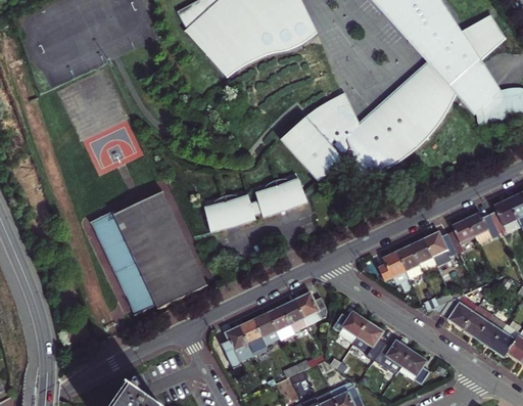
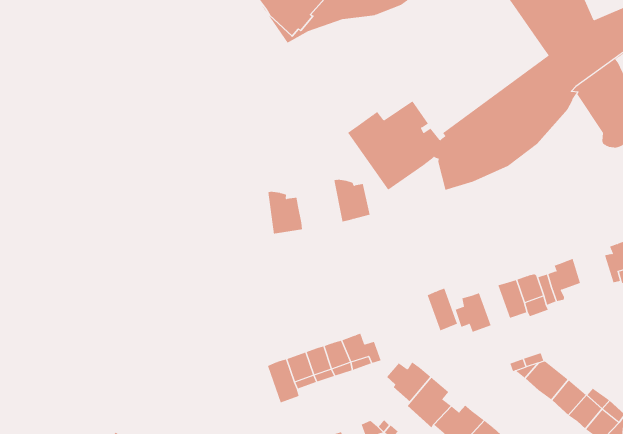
building: [298,60,428,137] -> none
building: [249,178,284,217] -> none
building: [93,189,210,313] -> none
building: [203,193,232,231] -> none
building: [466,211,498,242] -> none
building: [396,244,423,278] -> [427,288,458,331]
building: [222,327,252,369] -> none

